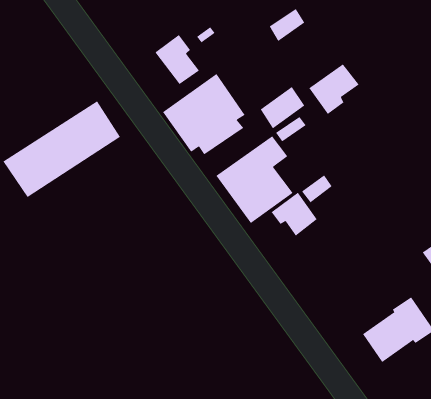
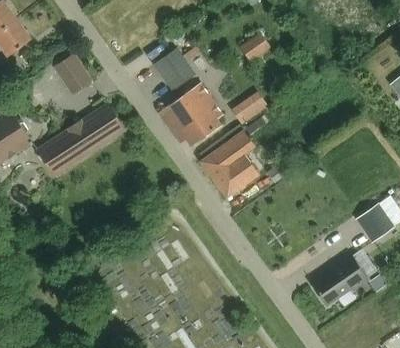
building: none -> [53,53,93,95]
building: [308,63,360,115] -> none
building: [271,192,318,236] -> none

